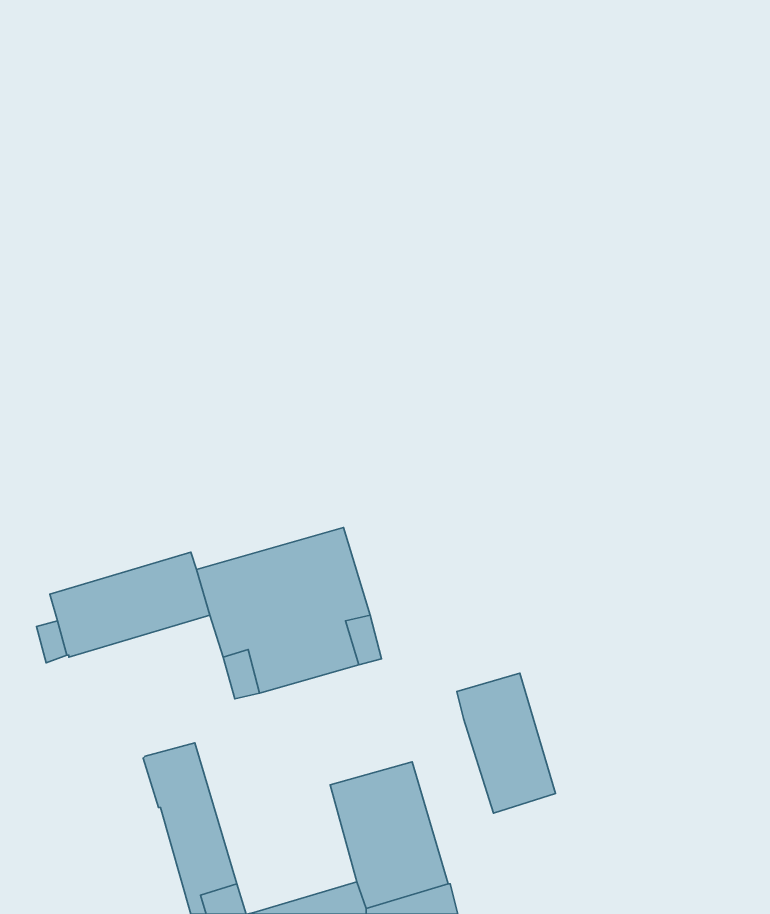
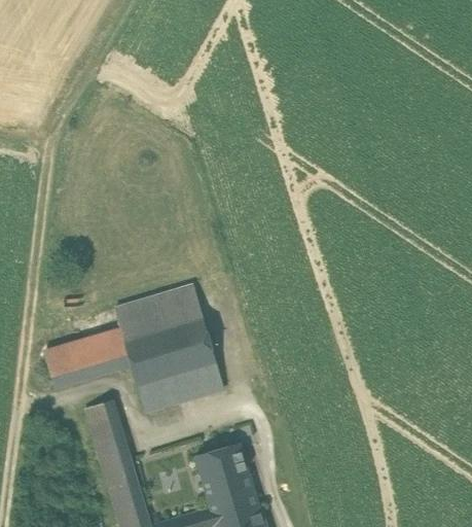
building: none -> [114,286,203,340]
building: [457,673,555,813] -> none
building: none -> [86,400,122,441]

